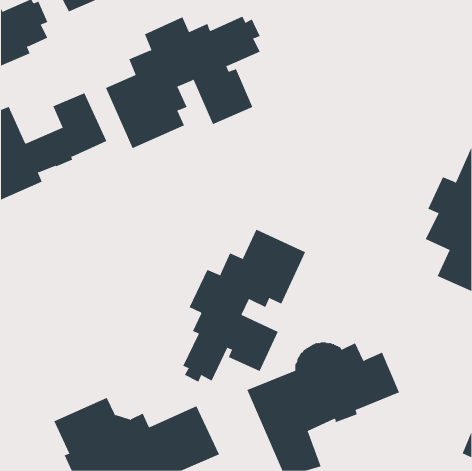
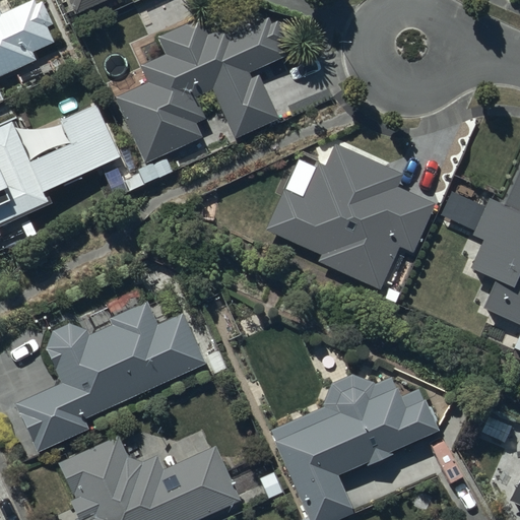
building: none -> [266,144,435,289]
building: [183,229,306,382] -> none
building: none -> [14,301,205,452]

